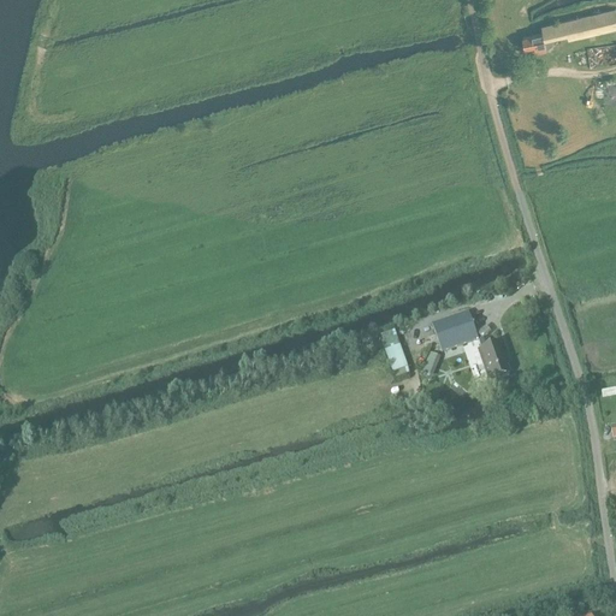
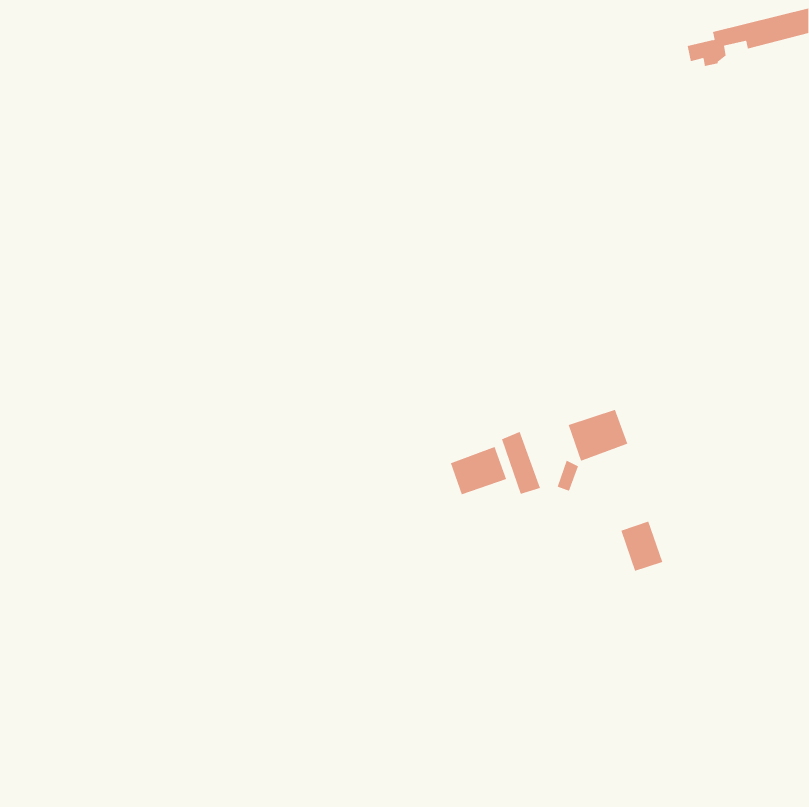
building: none -> [450,446,507,495]
building: [476,340,509,379] -> [620,521,663,572]

